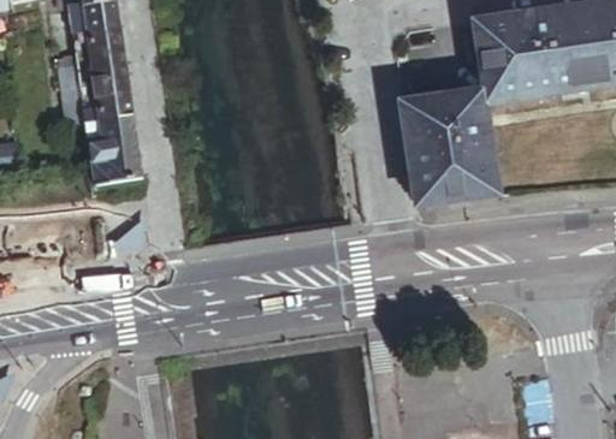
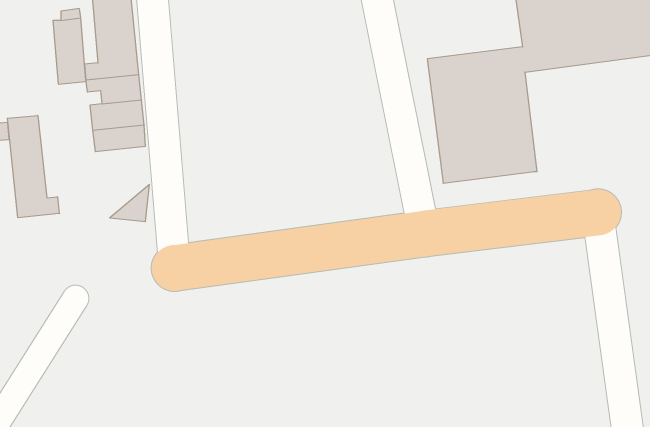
building: none -> [7,115,59,218]

